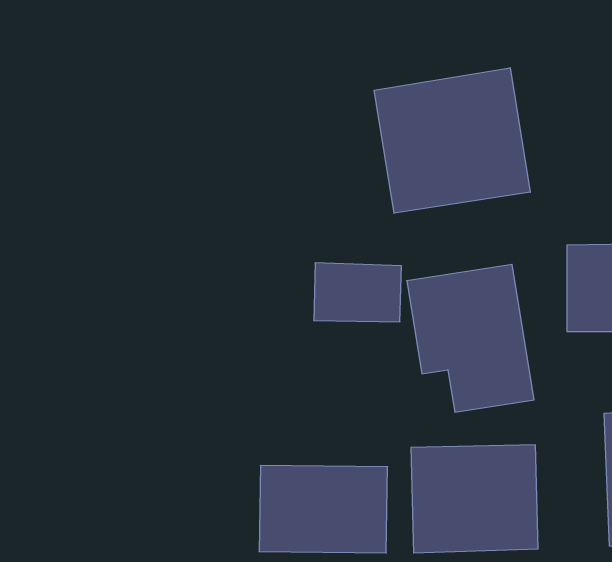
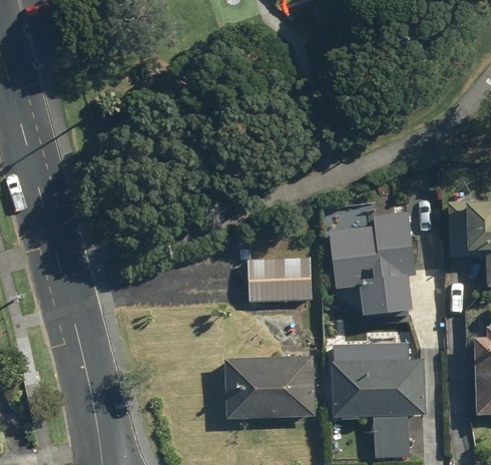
building: [374,68,530,213] -> none
building: [314,263,401,322] -> [249,260,313,303]

